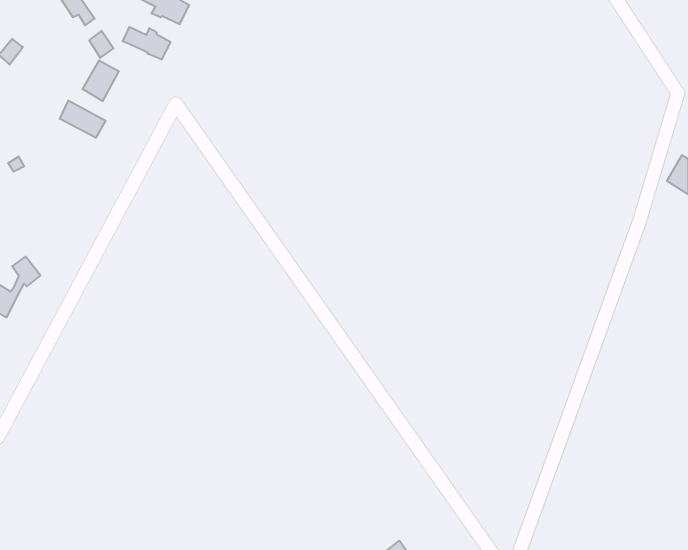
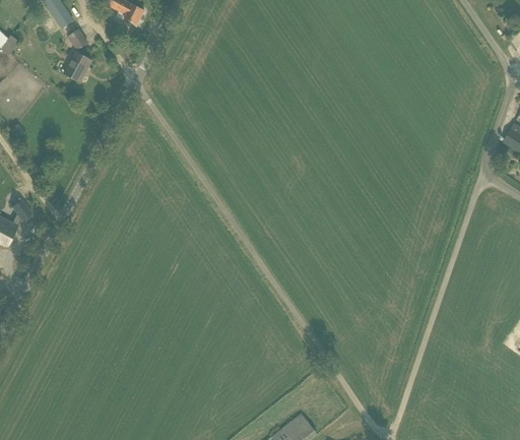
building: [123,27,170,60] -> none
building: [60,100,106,138] -> none

